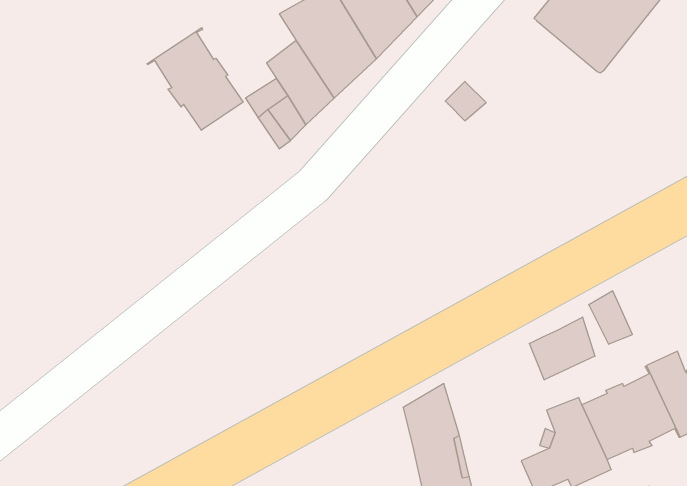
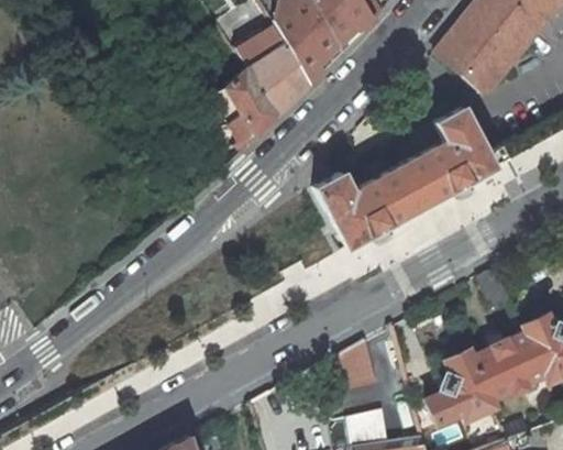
building: [147,28,243,130] -> none
building: none -> [317,107,495,246]
building: [529,317,595,380] -> none

